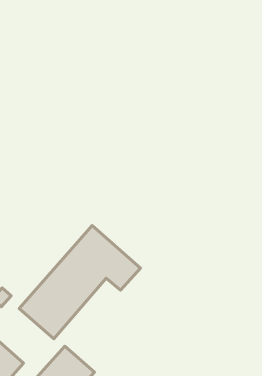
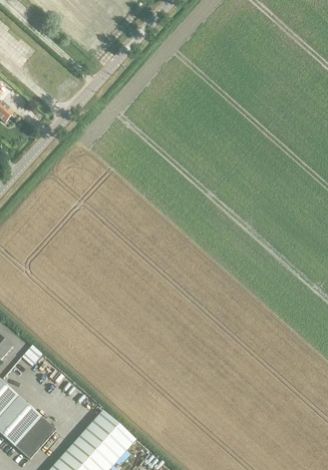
building: [19,226,140,339] -> none

